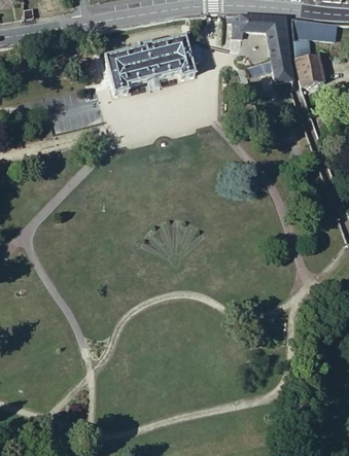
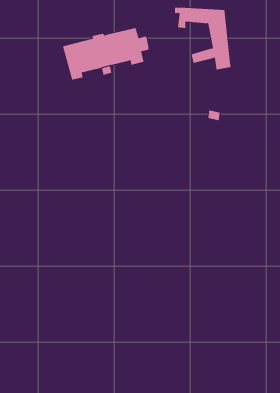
building: [292,17,335,85] -> none

